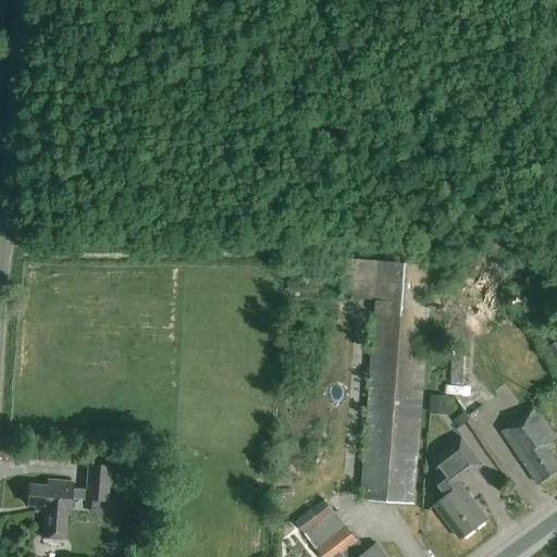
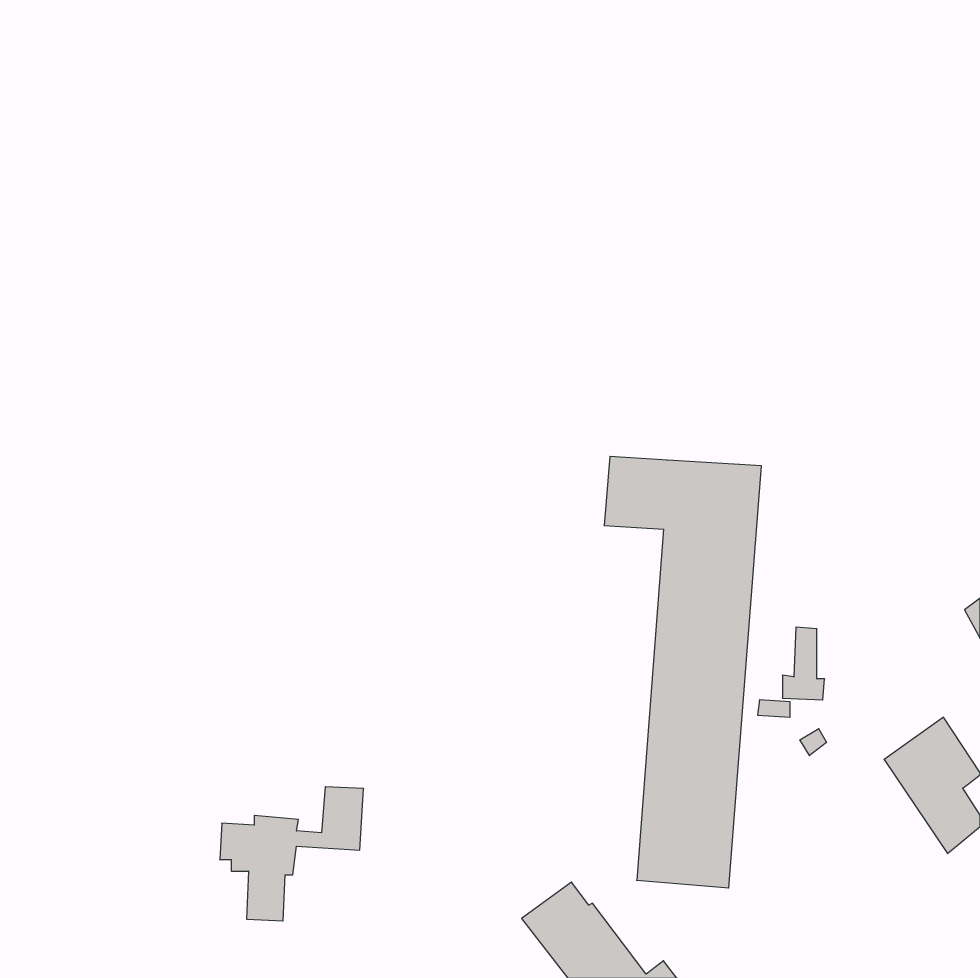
building: [434,436,486,539] -> none
building: [27,463,109,540] -> [220,787,364,921]

